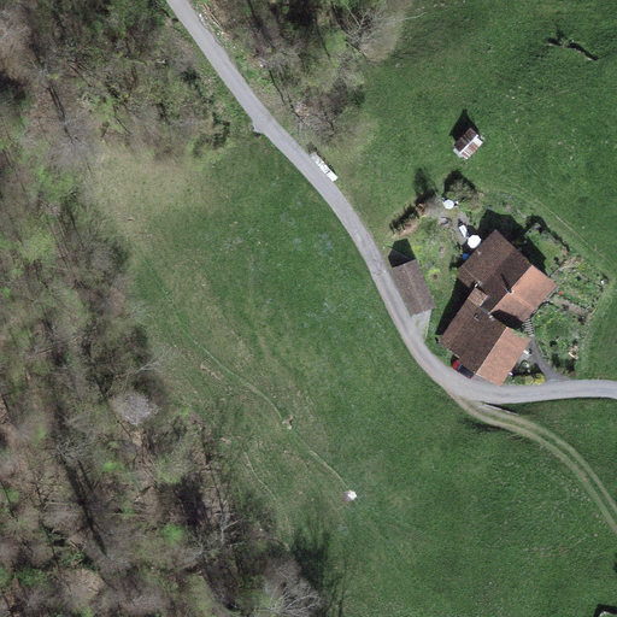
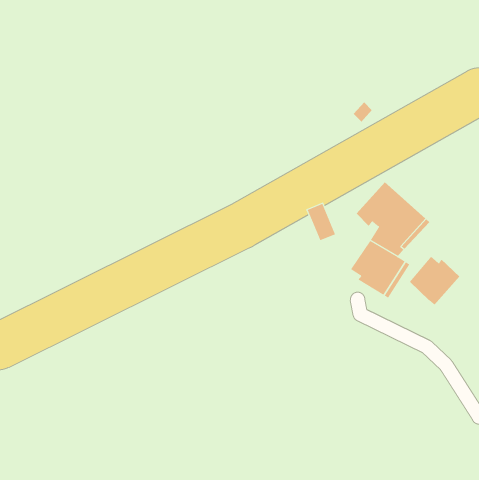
building: none -> [409,256,460,306]

